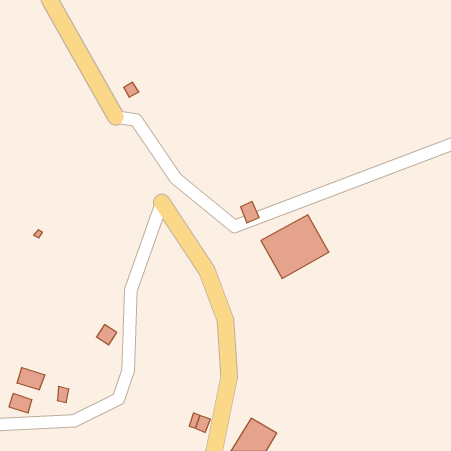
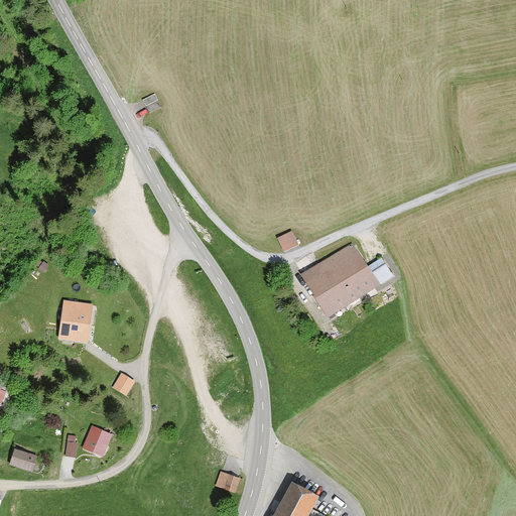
building: none -> [62,302,99,346]
building: [17,367,45,390] -> none
building: none -> [84,424,114,455]

